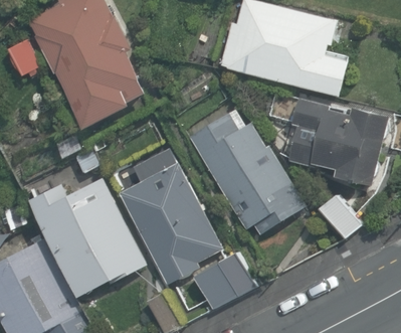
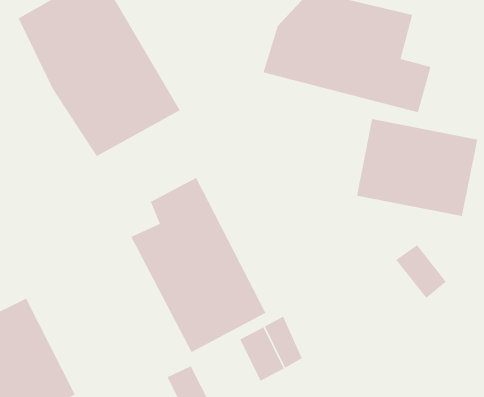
building: [187,105,305,236] -> none
building: [25,175,145,297] -> none

